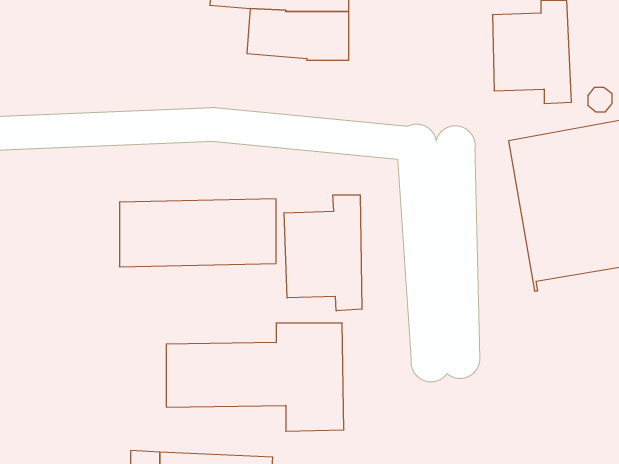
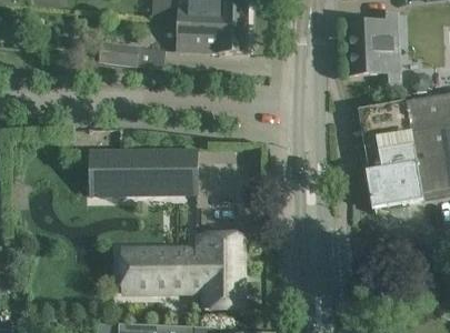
building: none -> [98,40,164,68]
building: [284,195,362,311] -> none

